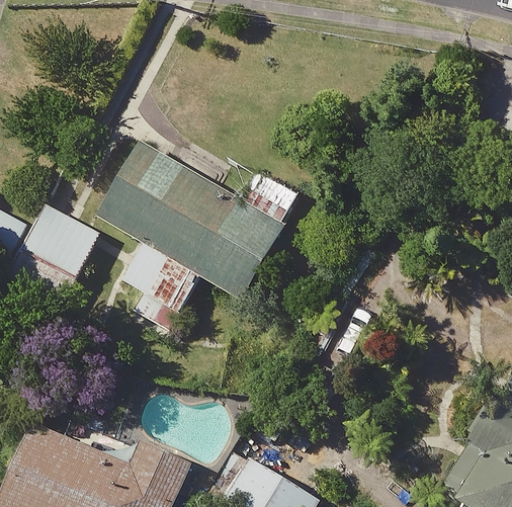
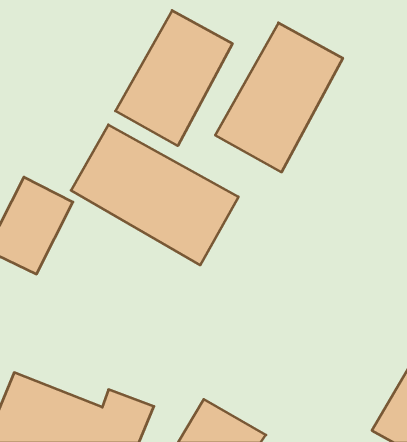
building: none -> [115,10,232,146]
building: none -> [215,23,343,172]

